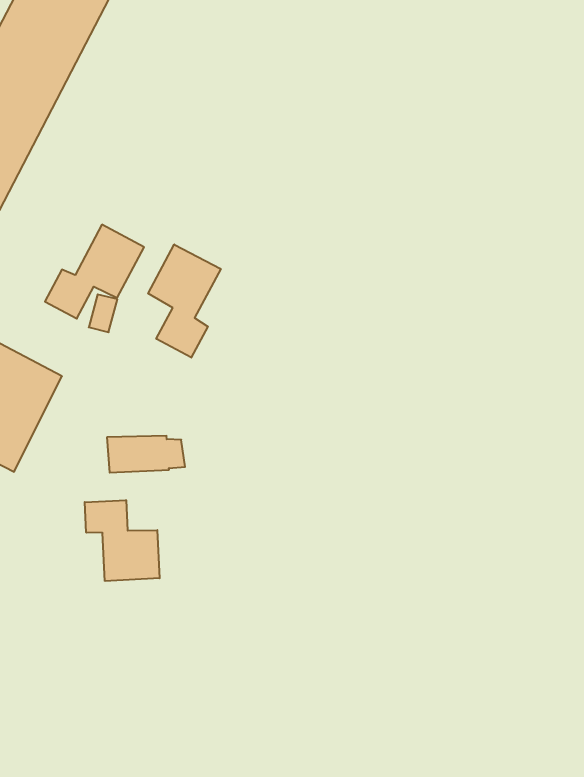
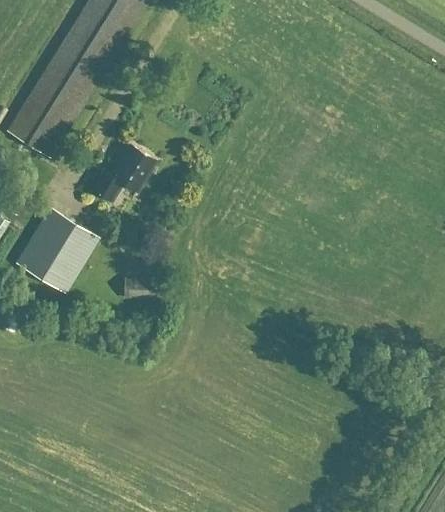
building: [148,244,221,358] -> none
building: [85,500,160,581] -> none

